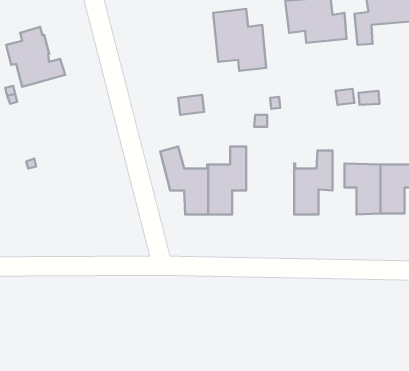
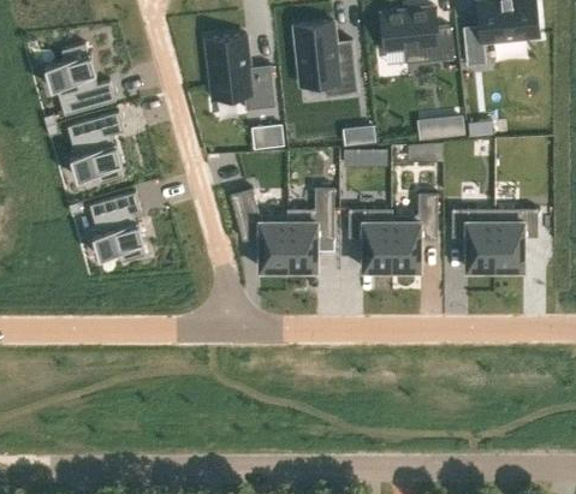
building: none -> [206,36,275,112]
building: none -> [67,113,124,184]
building: none -> [89,194,144,263]
building: none -> [348,209,391,270]

